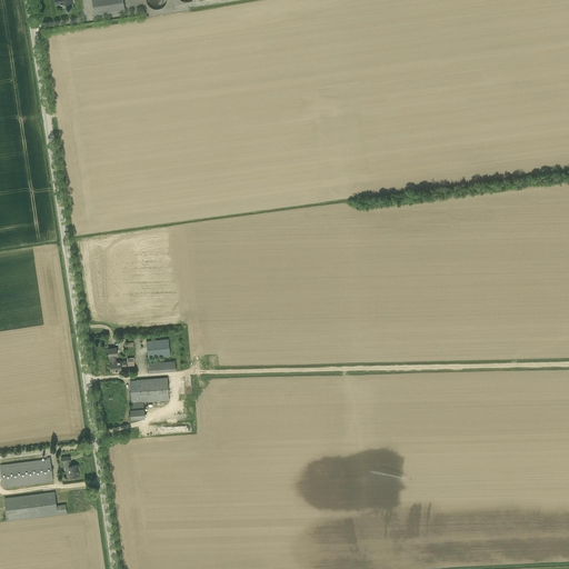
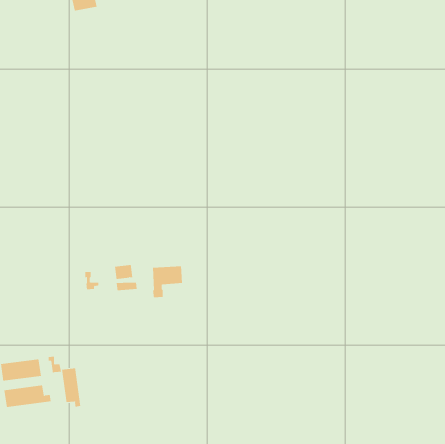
building: [130,377,169,418] -> [152,266,183,298]
building: none -> [62,368,81,407]

